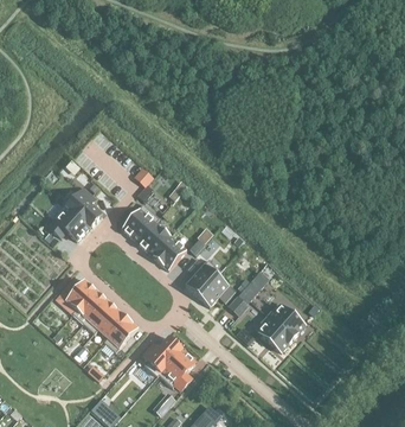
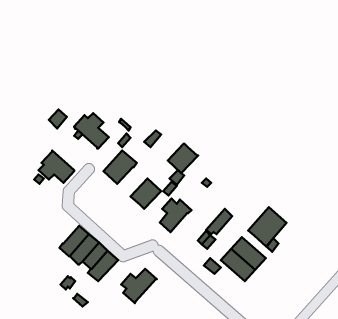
building: [63,189,102,229] -> [74,113,109,149]
building: [137,224,172,257] -> [168,144,198,173]
building: none -> [248,207,287,246]
building: [198,276,234,308] -> none
building: [60,281,95,311] -> none
building: [159,351,195,391] -> none

